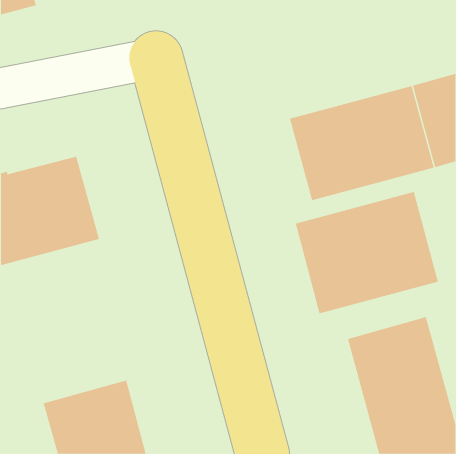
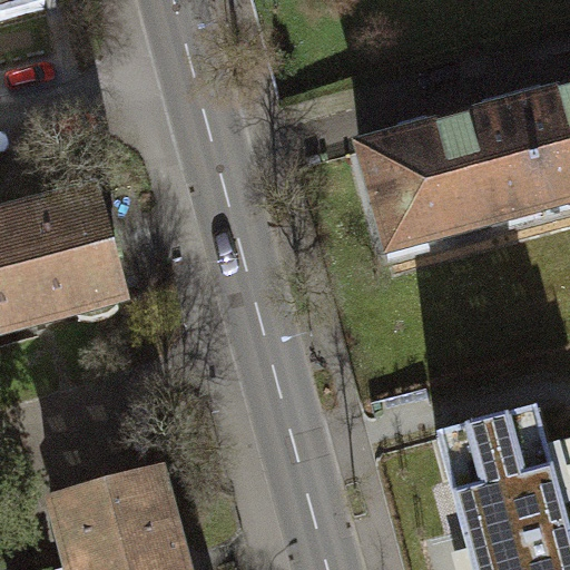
building: [295,191,438,314] -> none

